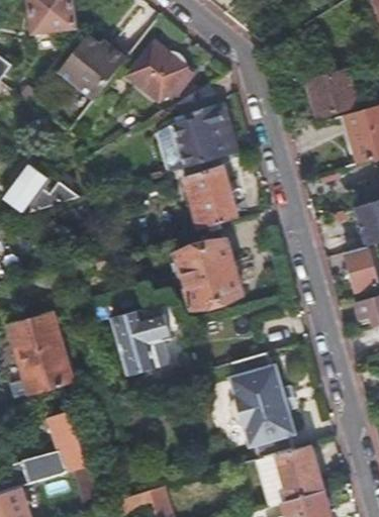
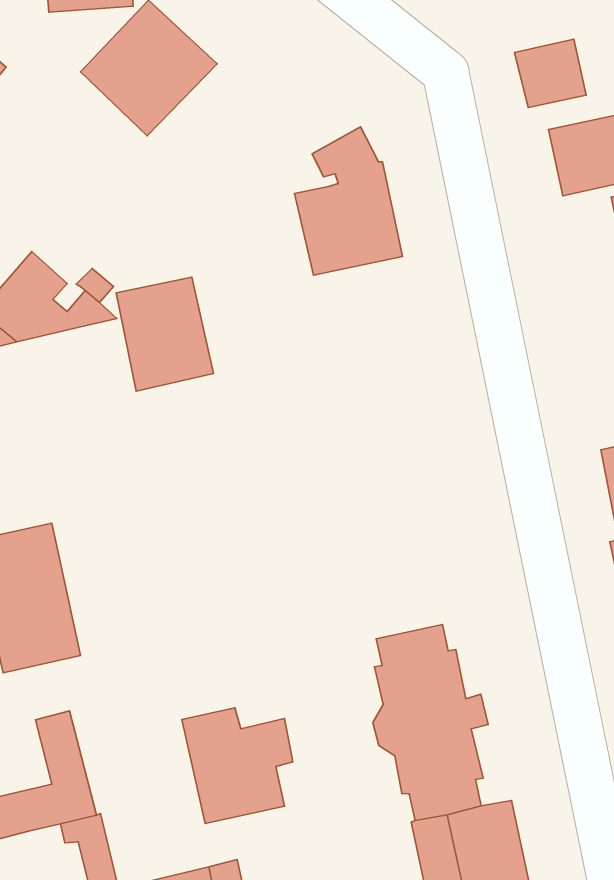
building: none -> [515,39,586,108]
building: [129,43,193,100] -> none
building: [183,167,239,230] -> [116,277,214,391]
building: [177,240,242,309] -> none
building: [108,311,170,375] -> [182,708,293,823]

